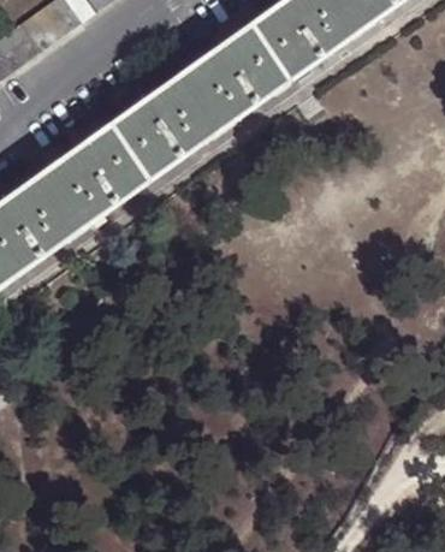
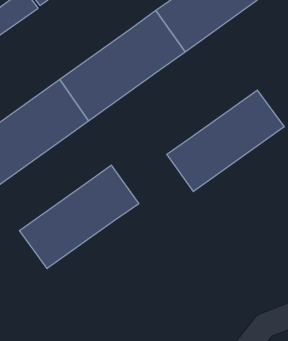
building: none -> [167,90,284,192]
building: none -> [20,165,139,269]

